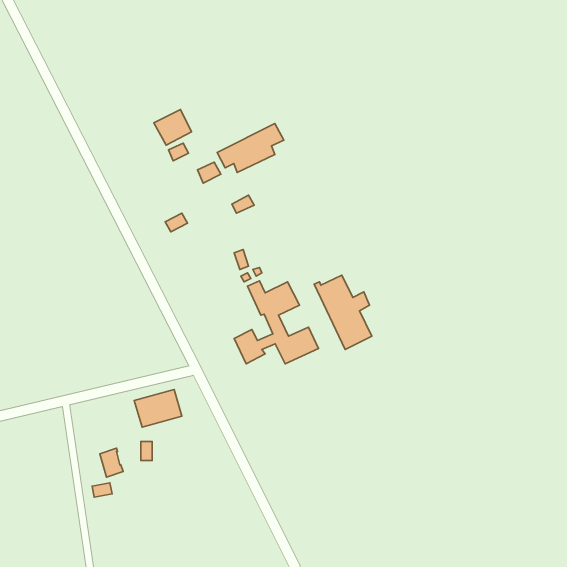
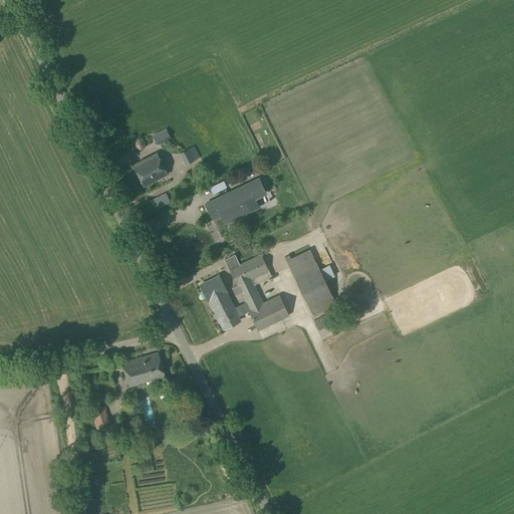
building: [154,110,192,145] -> [133,154,167,186]
building: [217,124,284,172] -> [206,179,266,223]
building: none -> [200,276,228,306]

